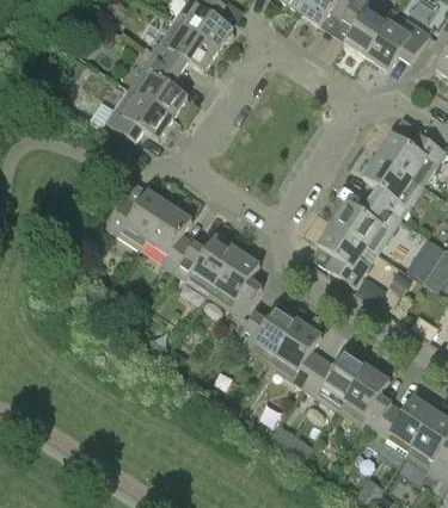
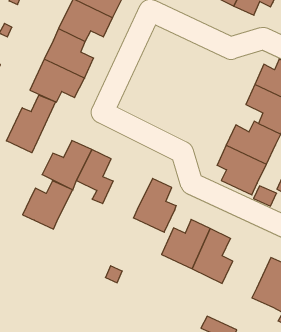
building: none -> [6,95,56,153]
building: [173,235,238,293] -> [23,181,72,229]
building: [303,351,367,410] -> none

